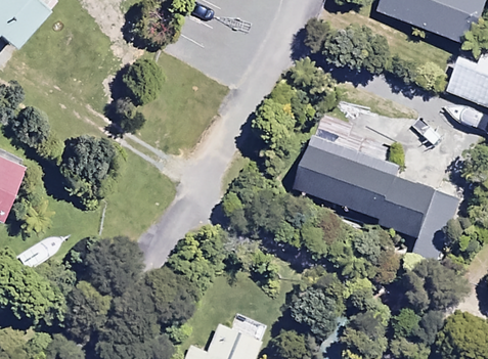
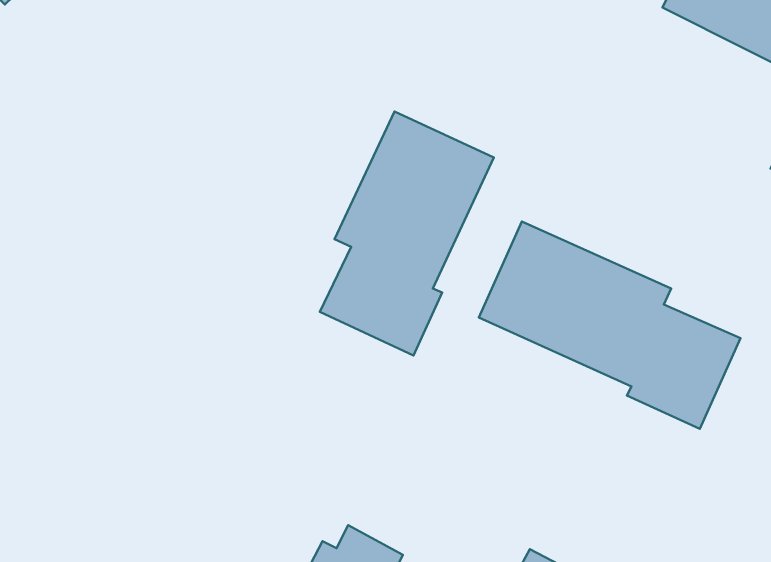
building: none -> [320,111,494,355]

